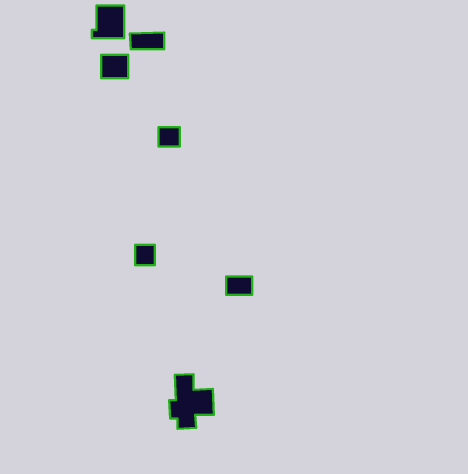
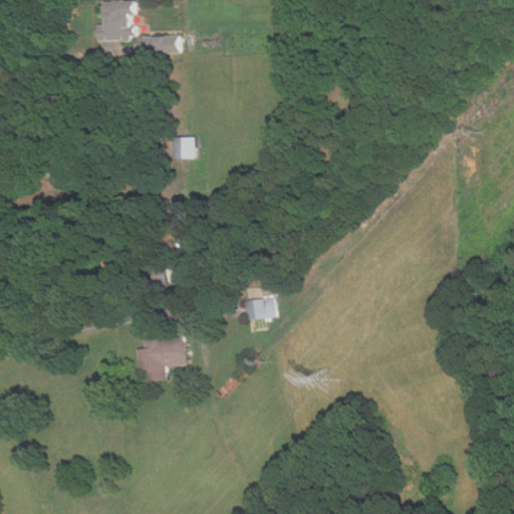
building: [101,55,128,78] -> none
building: [169,374,214,429] -> [137,321,185,380]

